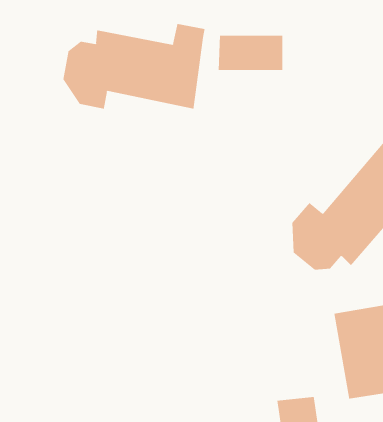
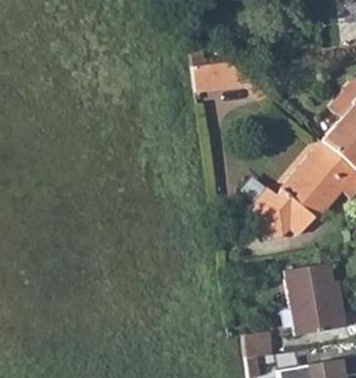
building: [63,23,205,109] -> none

